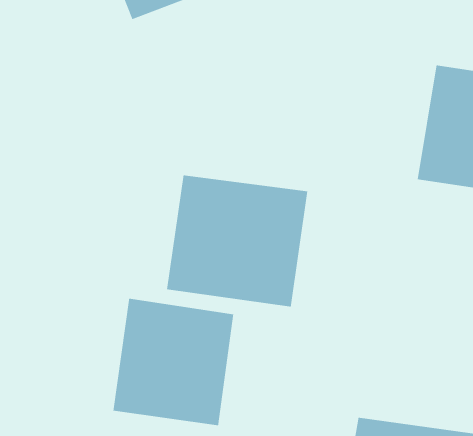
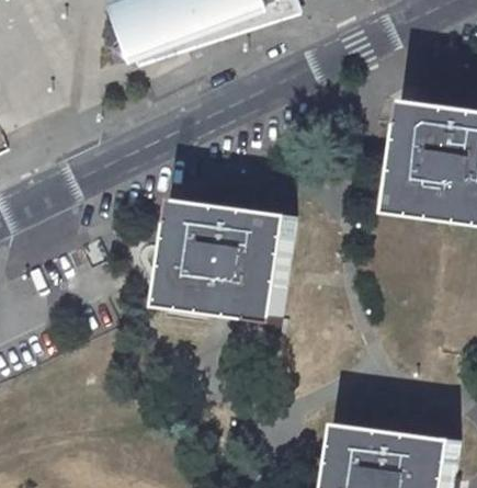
building: [113,298,234,426] -> none

